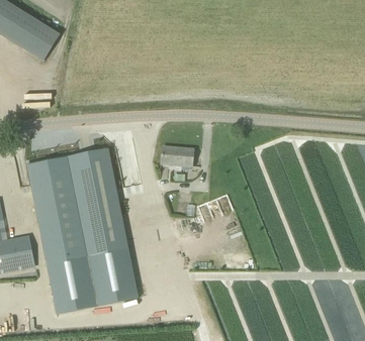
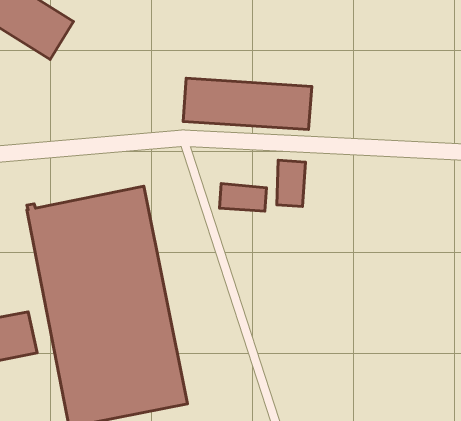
building: none -> [183,78,312,130]
building: none -> [277,160,305,206]

